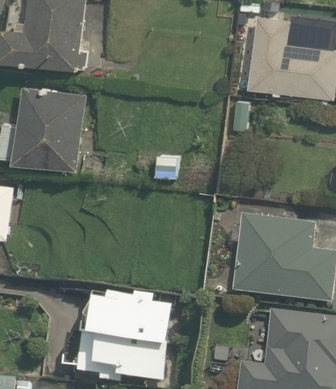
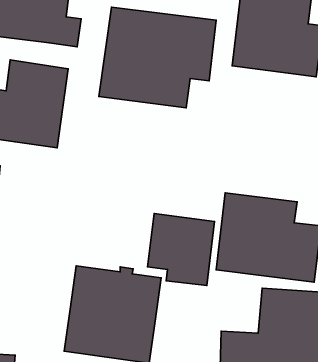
building: none -> [99,7,216,108]
building: none -> [148,213,215,286]

